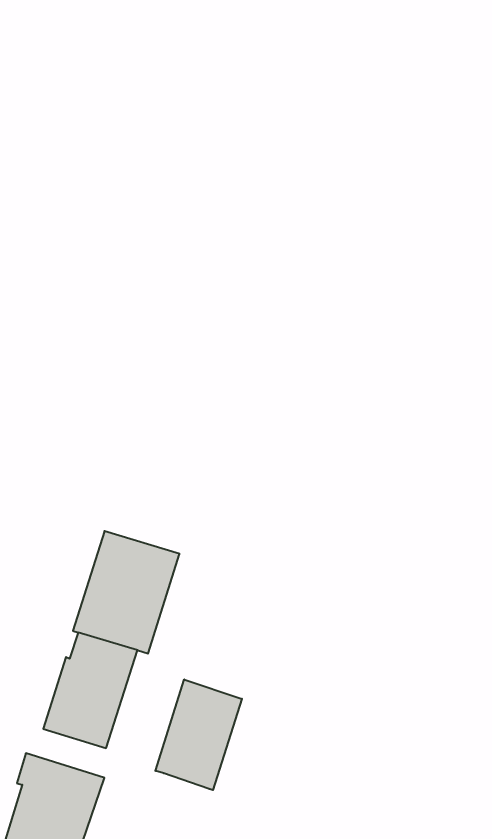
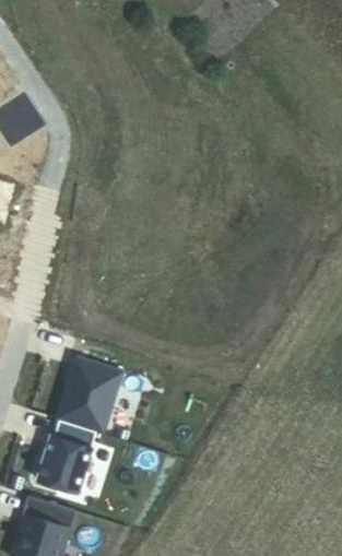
building: [155,679,242,790] -> none

